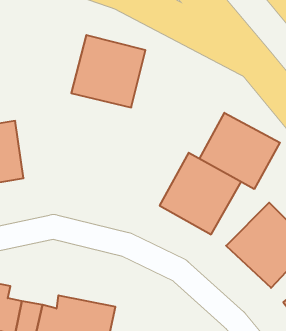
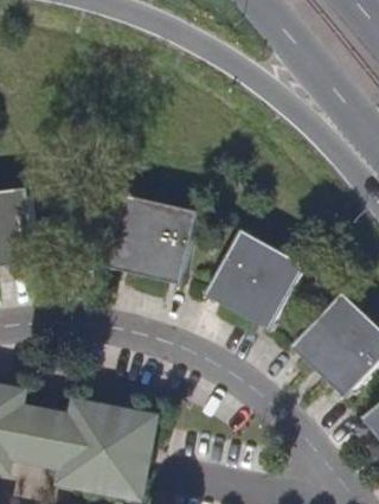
building: [71,35,145,107] -> [105,193,199,285]
building: [199,113,280,189] -> none

